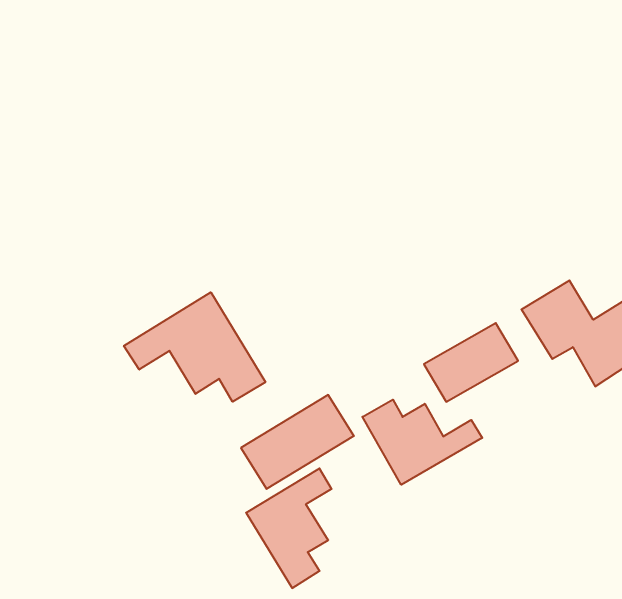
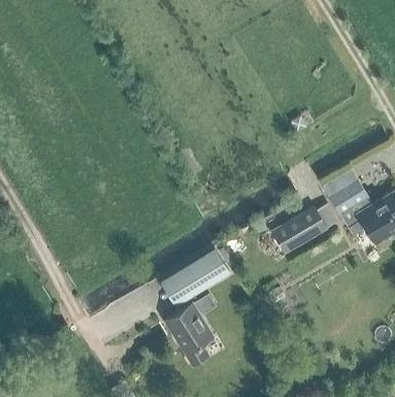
building: [124,292,265,402] -> none
building: [362,400,482,485] -> none

